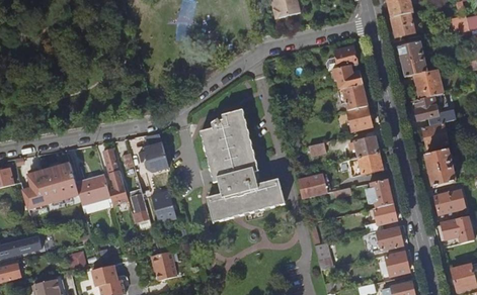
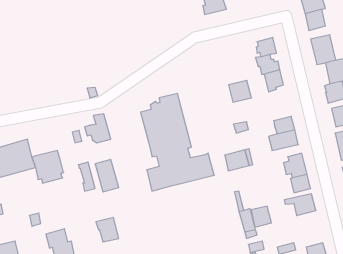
building: [346,104,373,129] -> [229,80,251,102]
building: [103,149,128,203] -> none
building: [386,251,409,275] -> [251,206,271,227]

